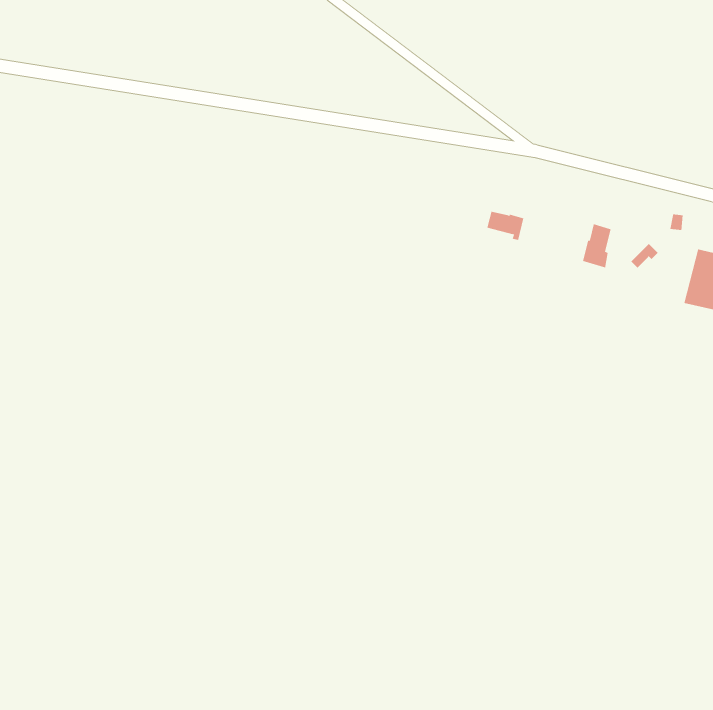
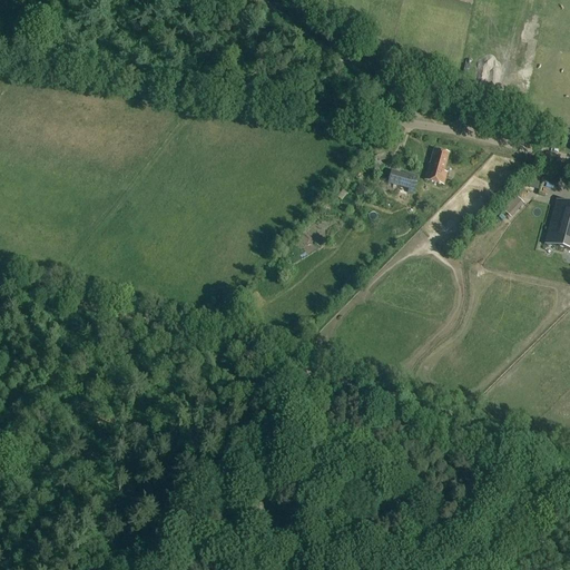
building: [582,224,611,268] -> [425,147,449,183]

